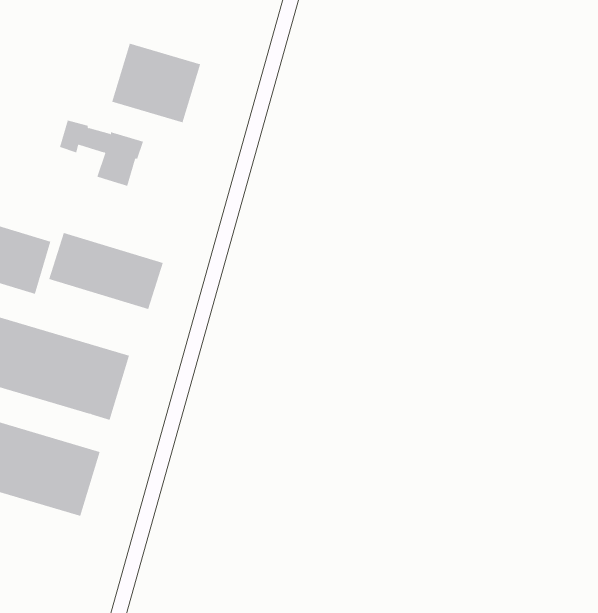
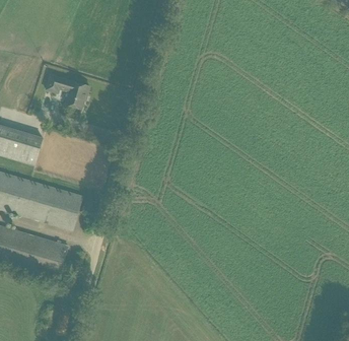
building: [112,43,201,123] -> none
building: [49,232,163,310] -> none

